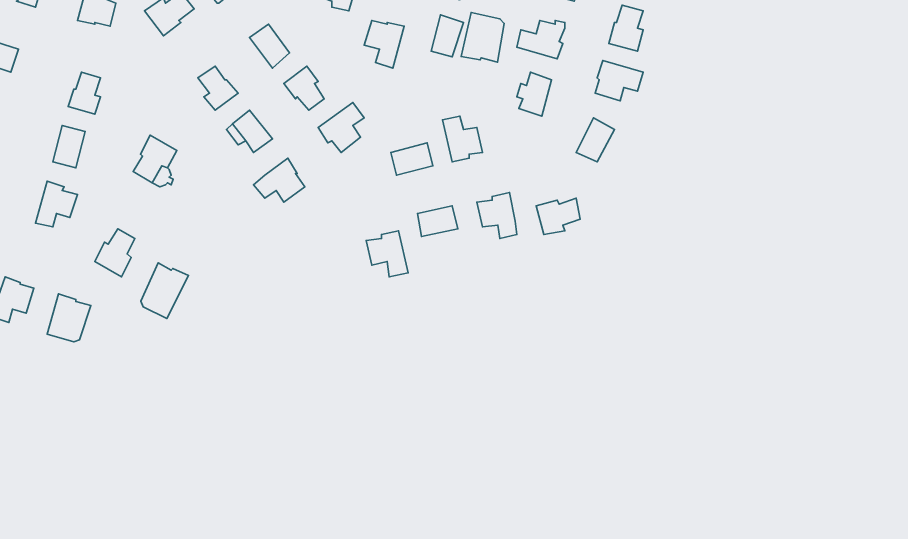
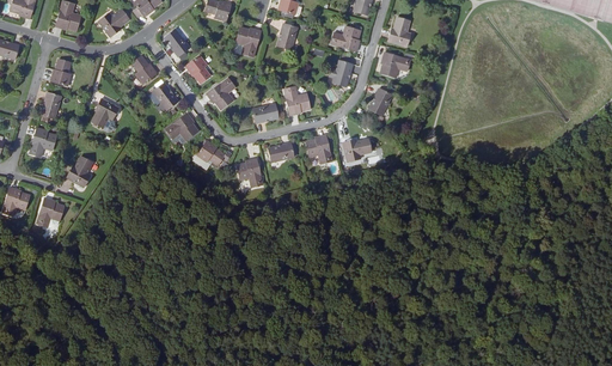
building: [461,12,504,62] -> none
building: none -> [192,139,231,170]
building: [141,263,189,319] -> none

